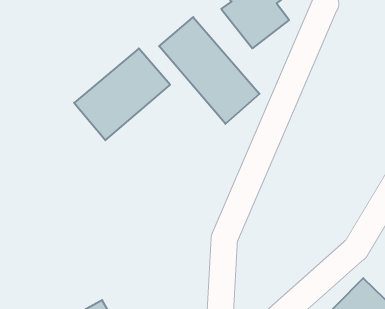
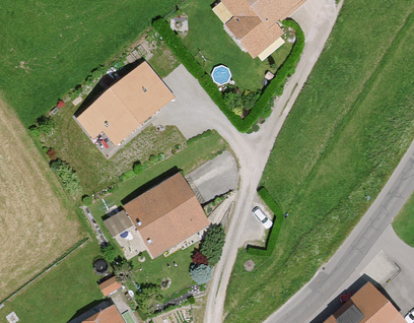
building: [159,17,260,124] -> none
building: none -> [121,174,207,257]

